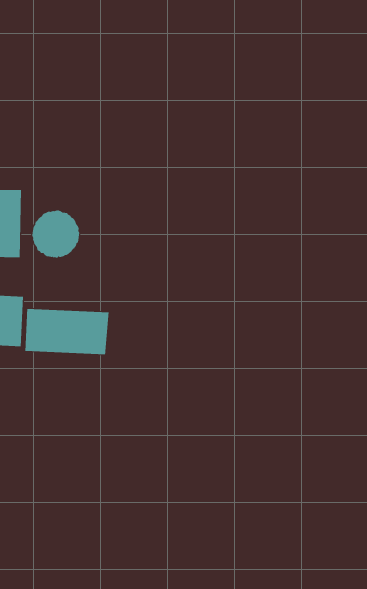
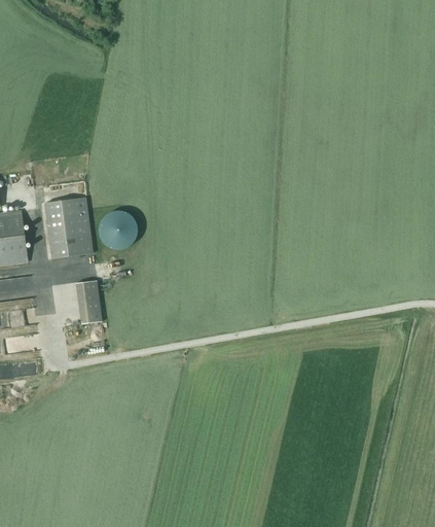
building: [25,308,109,355] -> none

